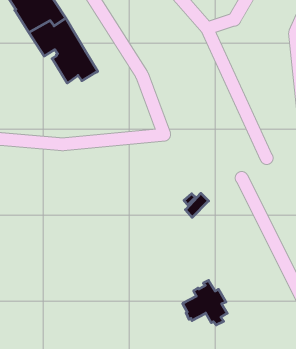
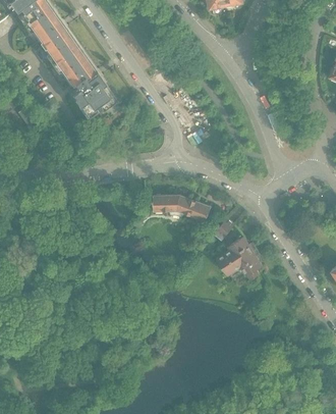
building: none -> [152,194,212,224]
building: [183,280,227,325] -> [217,232,262,276]

